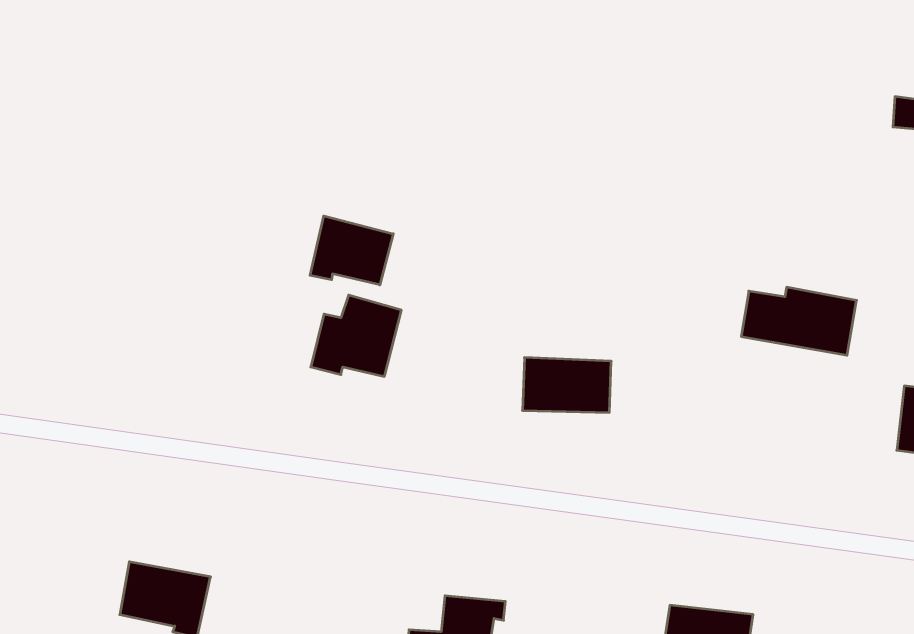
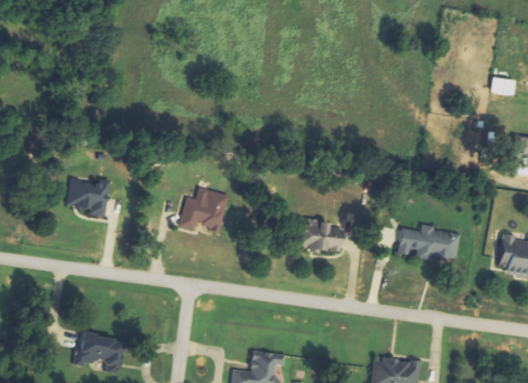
building: [310,216,393,285] -> none
building: none -> [67,180,110,215]
building: [741,287,857,355] -> [398,226,461,263]

